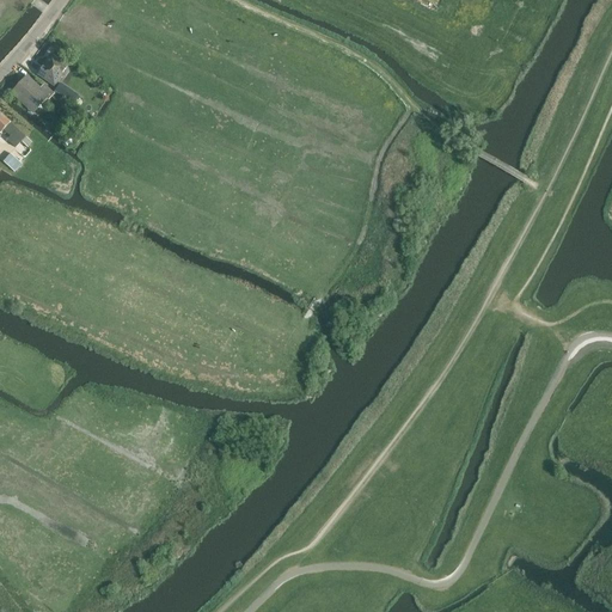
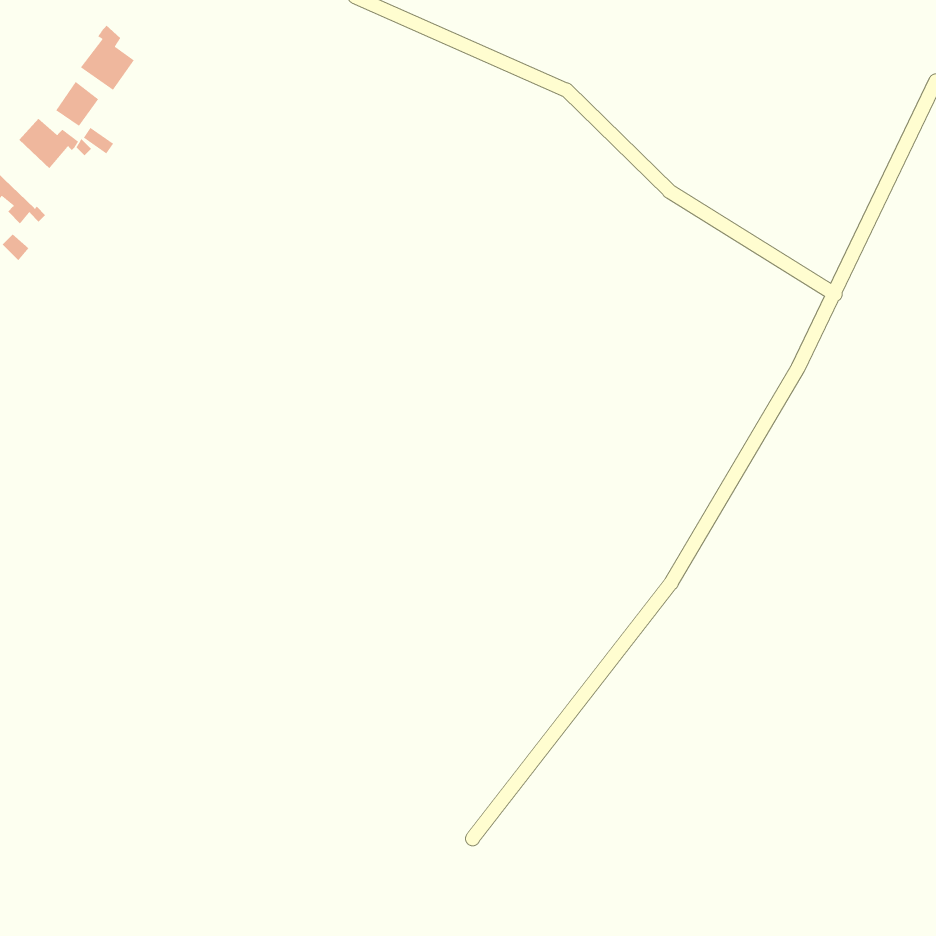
building: none -> [80,25,135,91]

